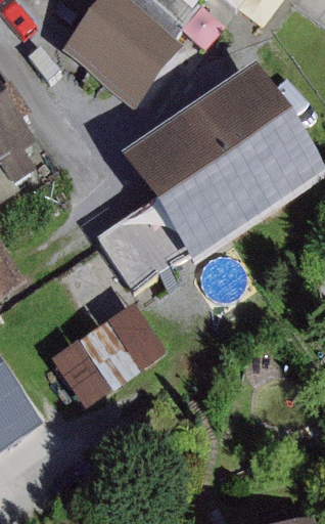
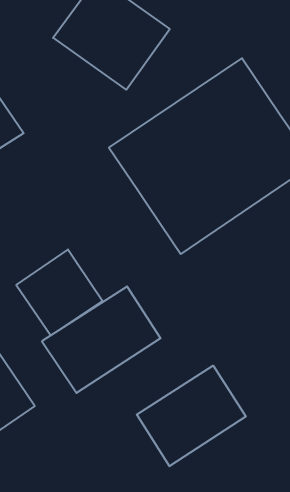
building: [96,199,183,286] -> [16,249,103,336]
building: none -> [137,366,246,466]

